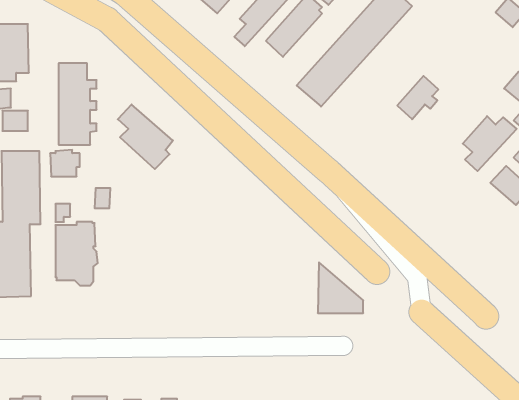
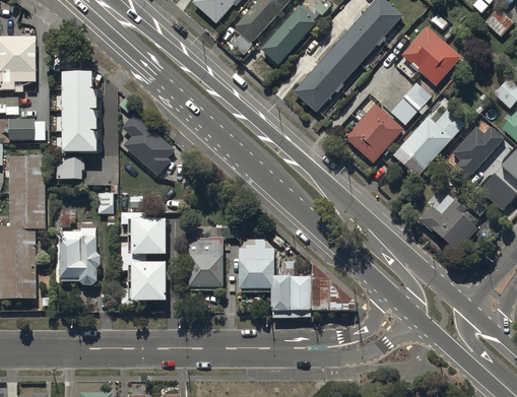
building: none -> [398,27,458,87]
building: none -> [343,105,402,164]
building: none -> [389,111,463,181]
building: none -> [419,199,477,251]
building: none -> [120,210,166,304]
building: none -> [188,224,239,289]
building: none -> [239,237,312,317]

